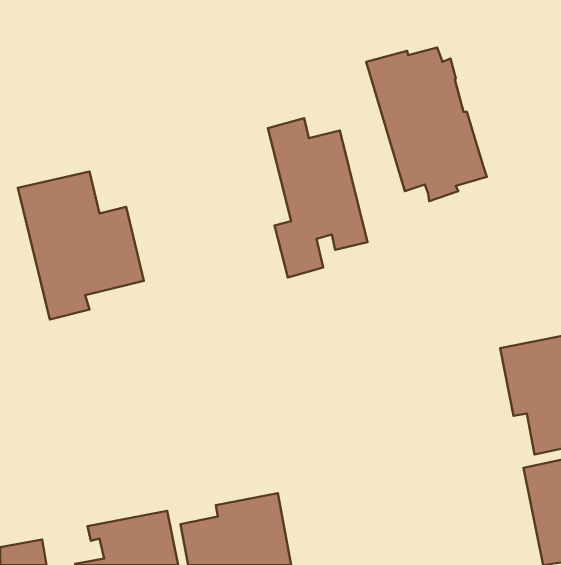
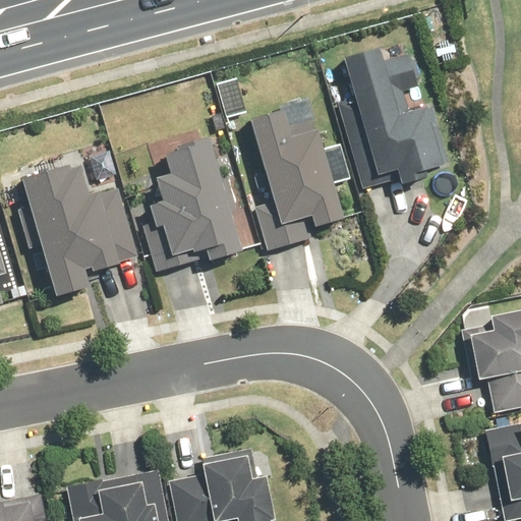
building: none -> [148,139,237,259]

